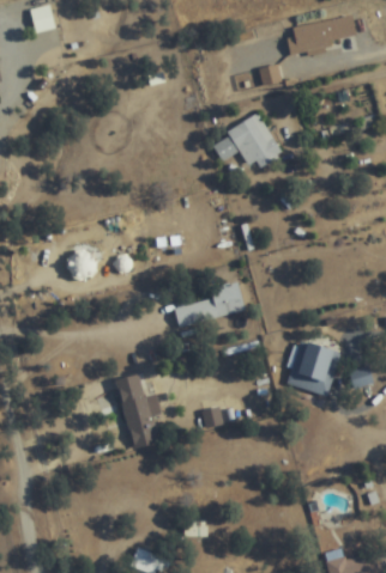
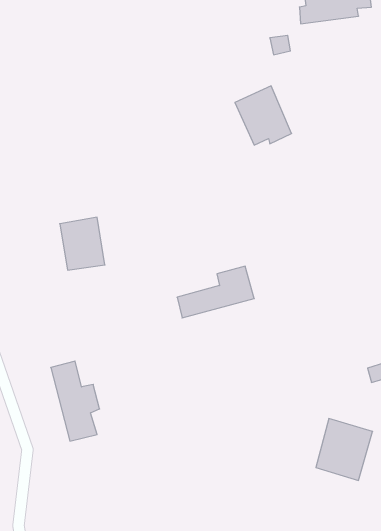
building: [288,339,340,396] -> [316,419,373,480]
building: [115,373,161,447] -> [51,361,100,441]

